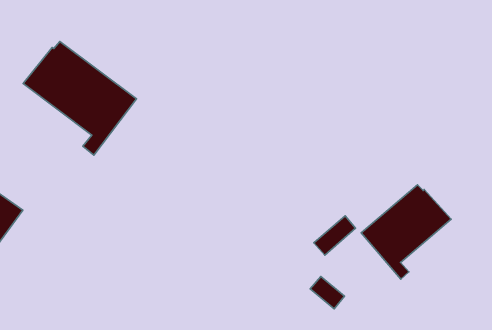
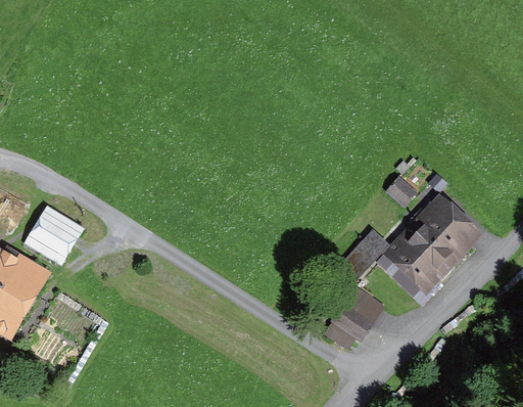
building: [23,42,136,155] -> none
building: none -> [31,210,80,260]

